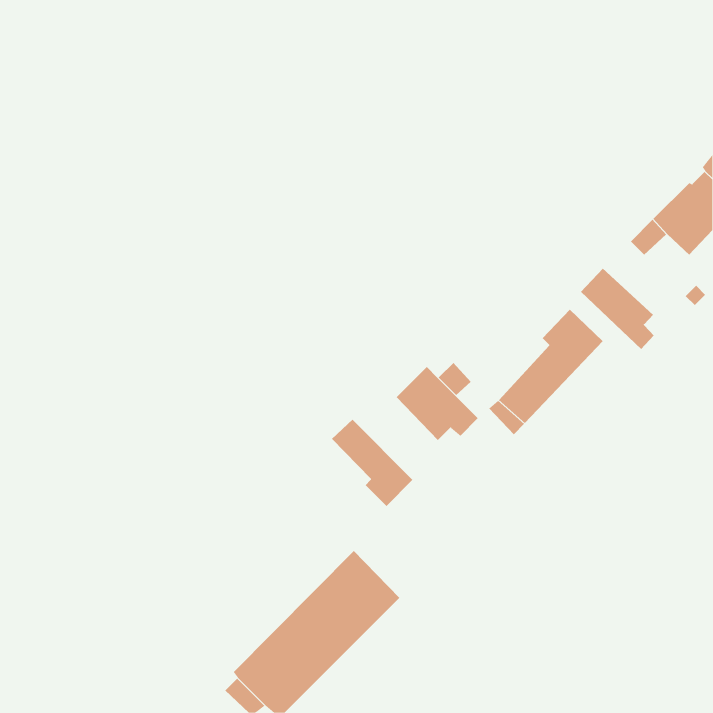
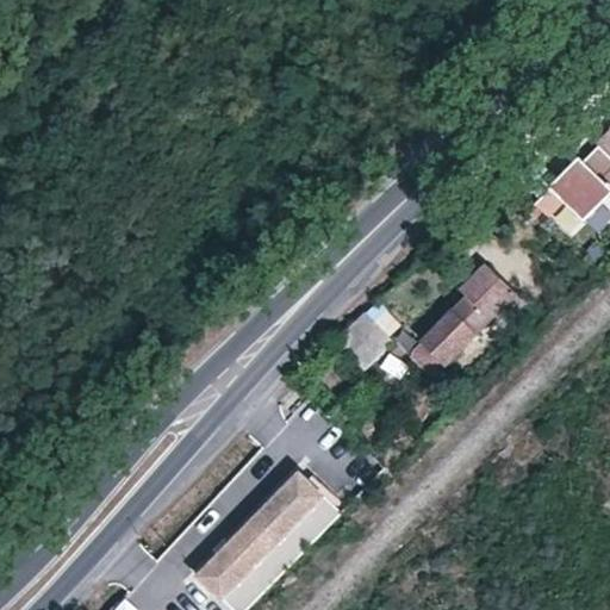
building: [580,268,655,350] -> none
building: [331,419,413,507] -> none

